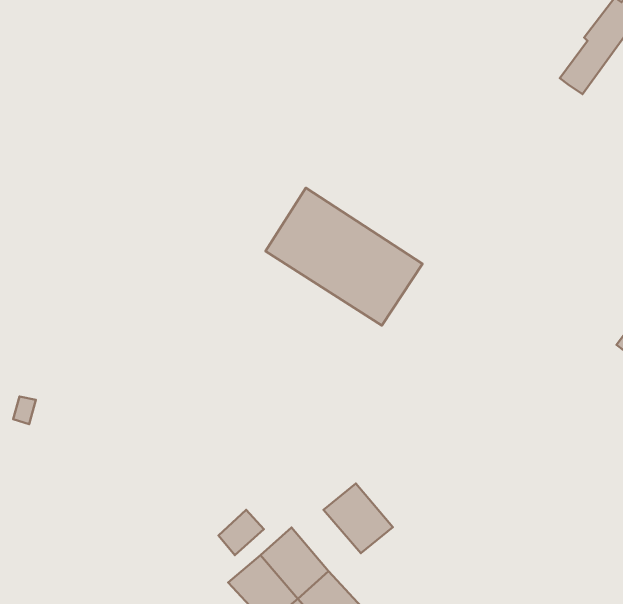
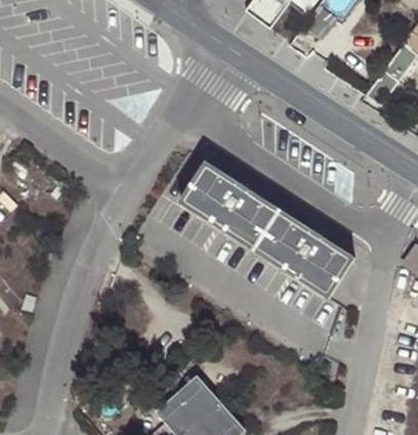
building: none -> [255,210,354,297]
building: [324,484,393,553] -> none

